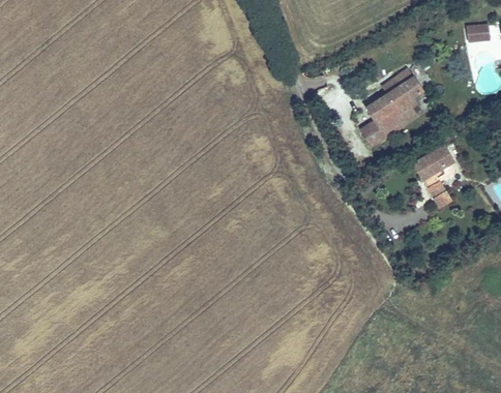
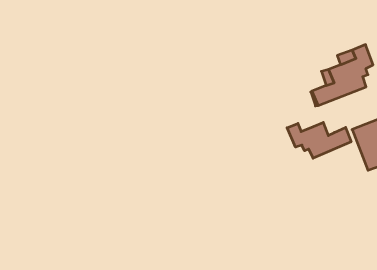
building: none -> [287,122,351,158]

